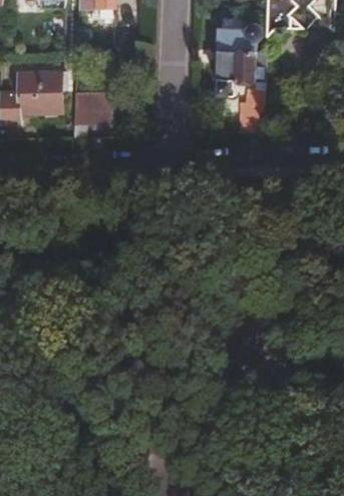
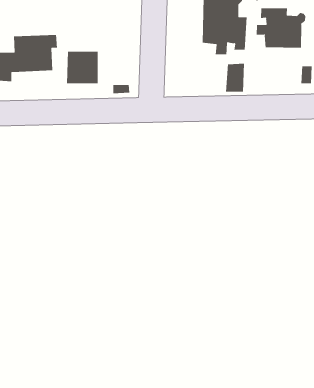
building: none -> [256,7,306,48]

